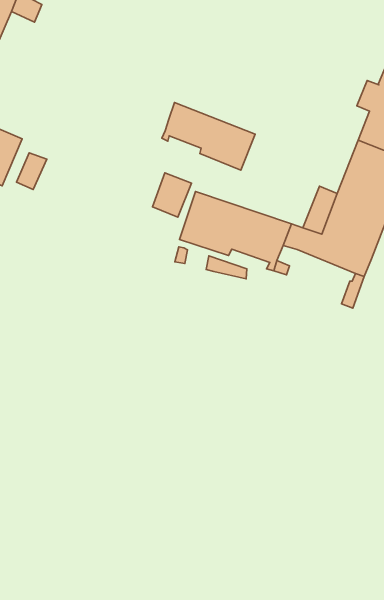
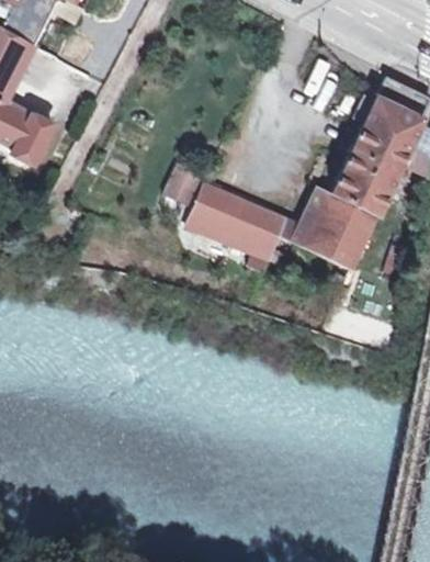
building: [162,102,255,170] -> none

